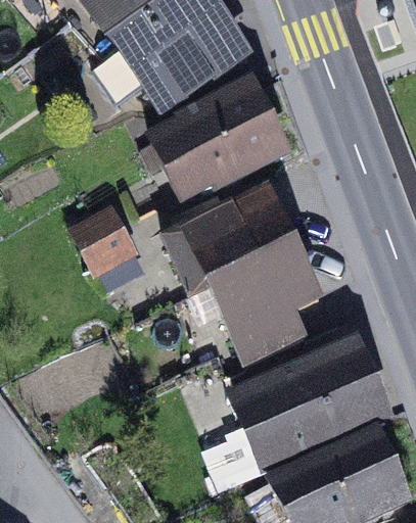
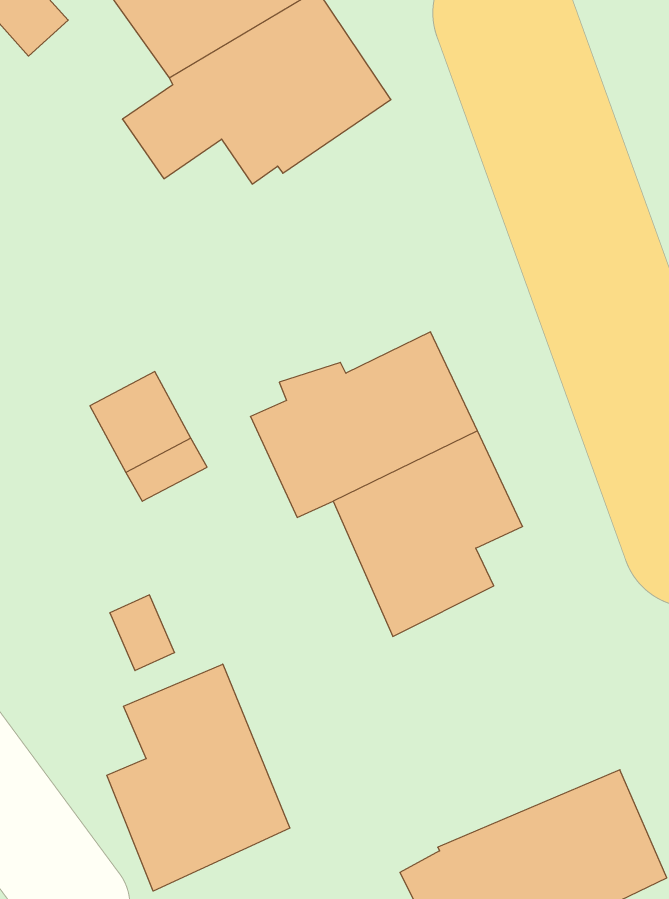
building: [151,89,283,198] -> none
building: [209,341,385,486] -> none
building: none -> [107,664,290,891]

